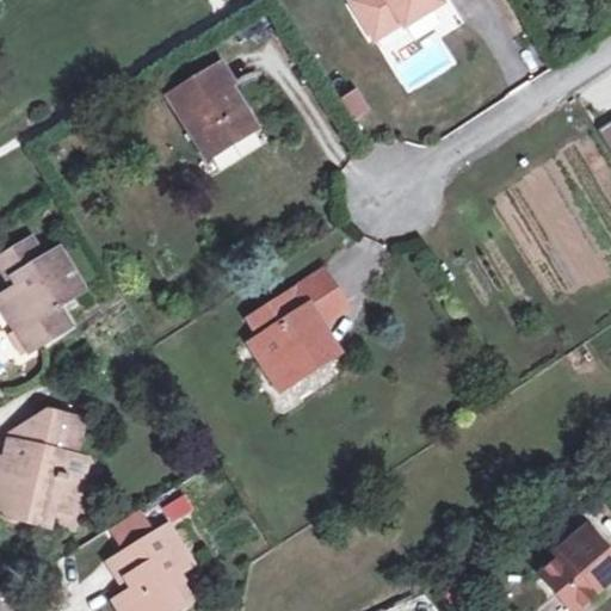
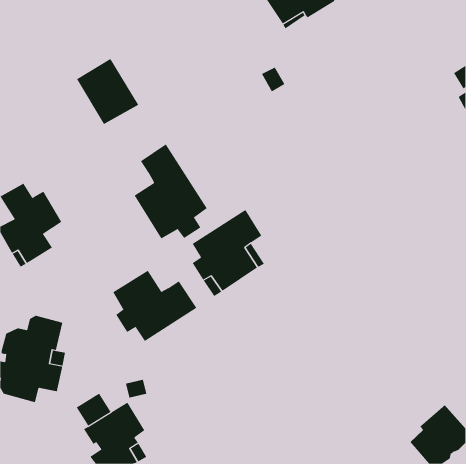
building: [171,67,253,154] -> [76,58,139,125]
building: none -> [134,144,208,239]
building: none -> [112,270,197,342]

